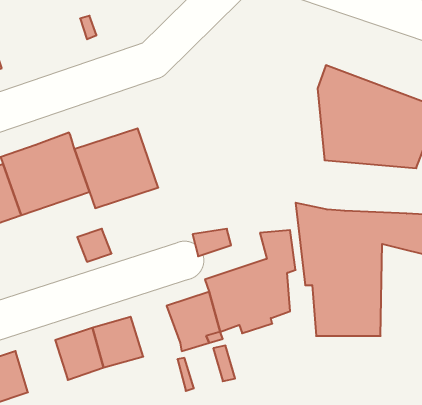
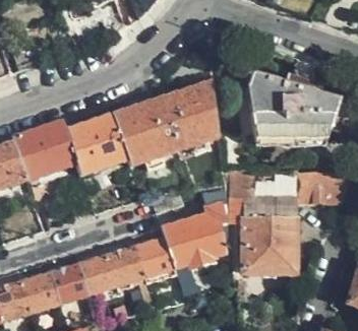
building: none -> [112,81,218,167]
building: none -> [107,247,143,289]
building: none -> [21,272,60,311]

